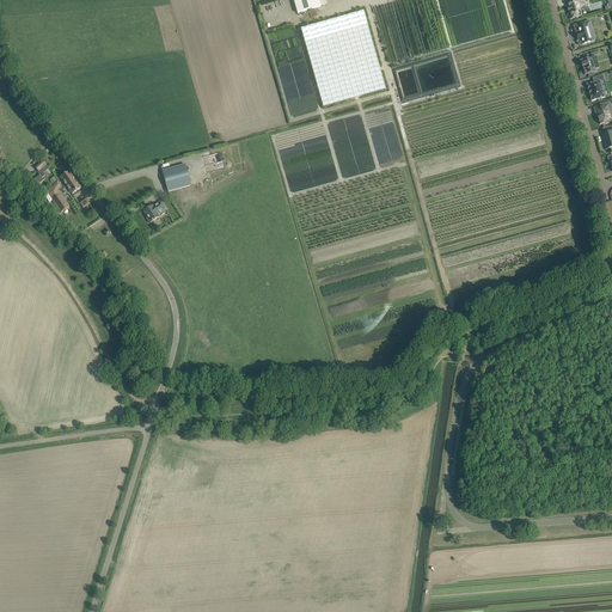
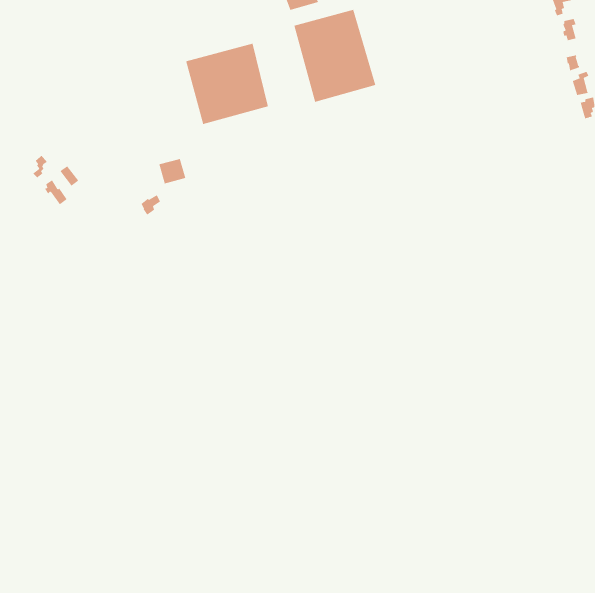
building: none -> [185,43,269,125]

